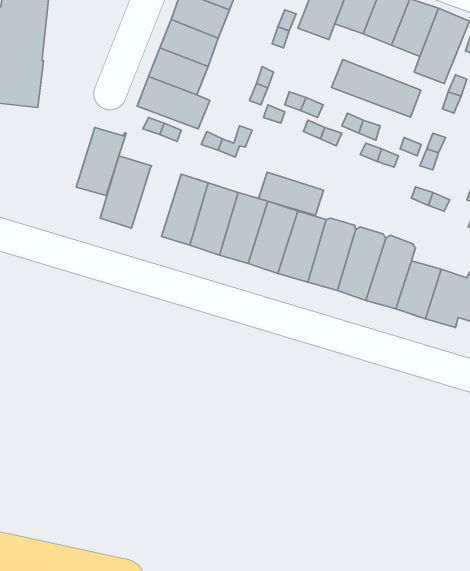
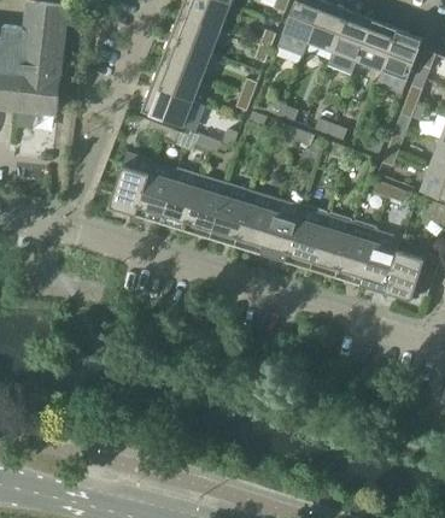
building: [331,60,421,117] -> none
building: [76,127,126,196] -> [136,165,178,223]
building: [258,172,324,215] -> none

